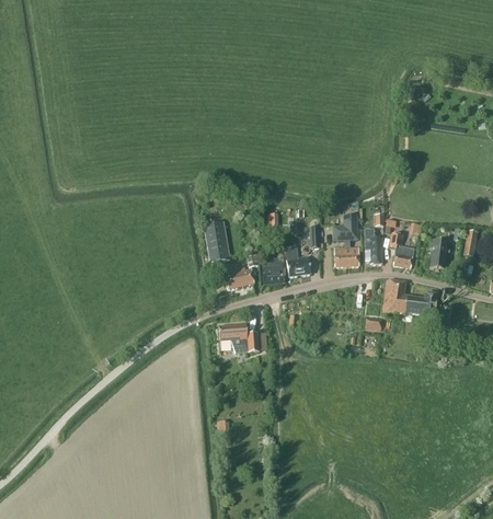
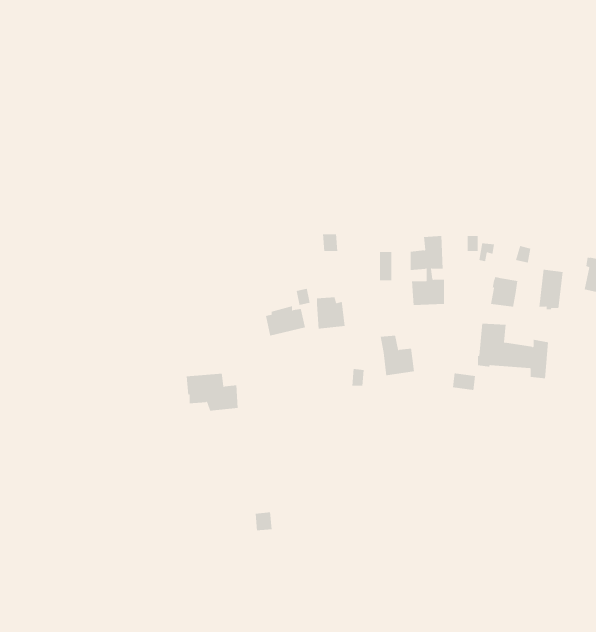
building: [204,220,230,261] -> none
building: [365,229,382,264] -> none
building: [285,245,311,276] -> [380,335,415,376]
building: [219,324,259,353] -> [186,373,239,411]

